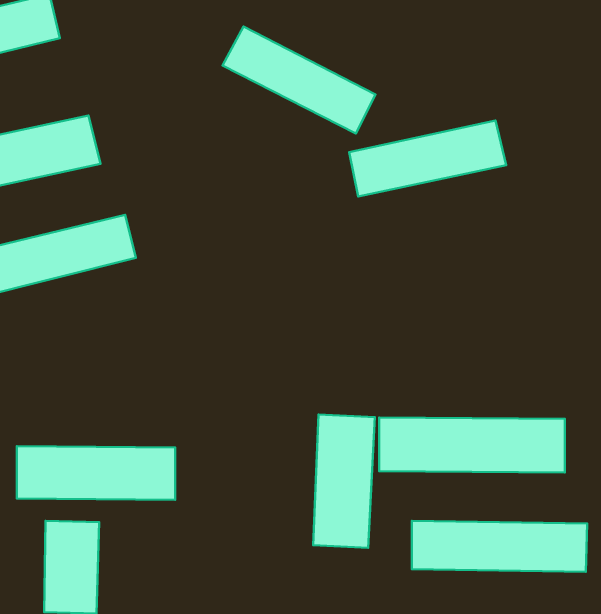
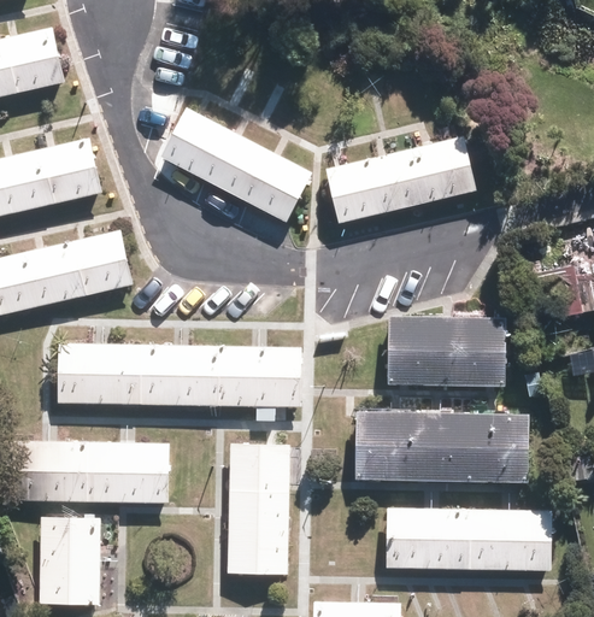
building: [222,26,376,134] -> [166,113,307,212]
building: none -> [389,328,504,378]
building: none -> [58,349,301,402]
building: [313,414,375,548] -> [234,448,290,571]

